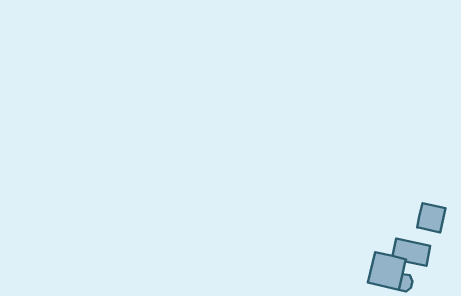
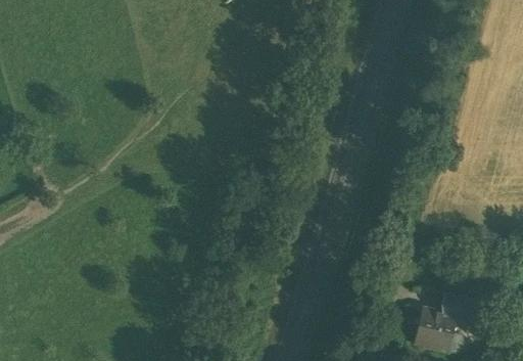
building: [417,203,446,232] -> none

